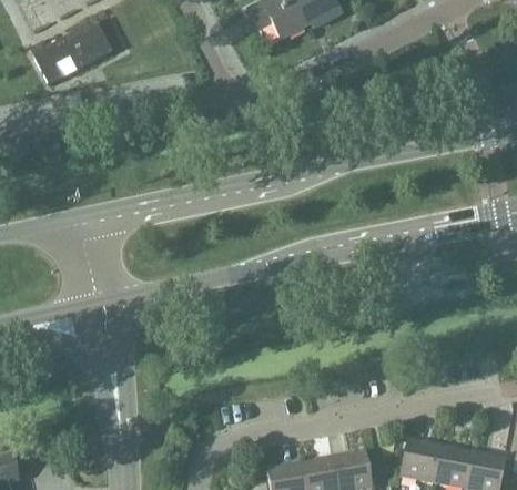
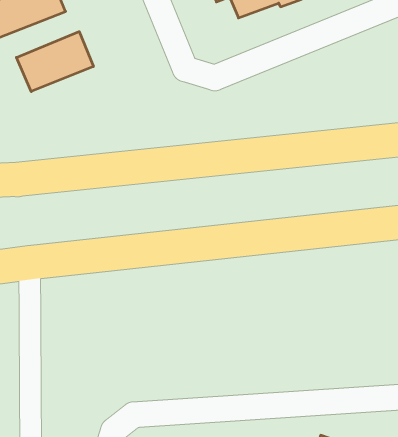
building: none -> [16,32,93,92]

